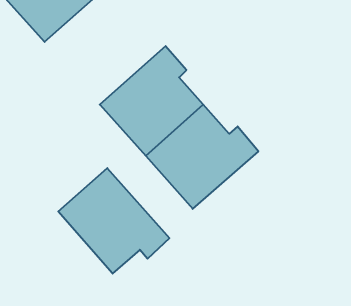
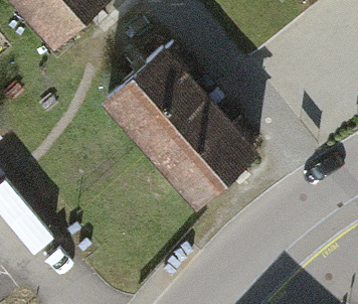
building: [58,168,169,274] -> none

